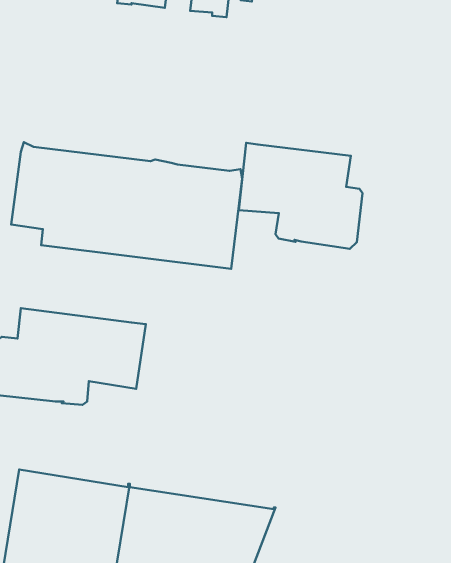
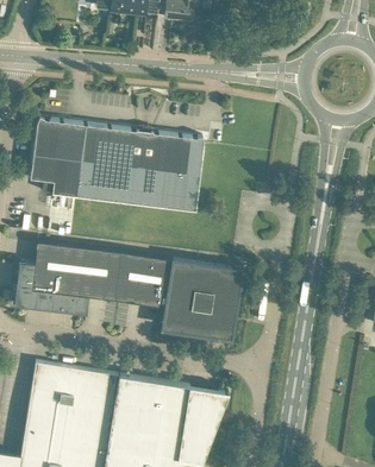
building: [239,143,363,249] -> none
building: none -> [124,254,242,340]

